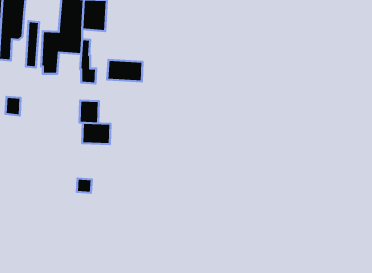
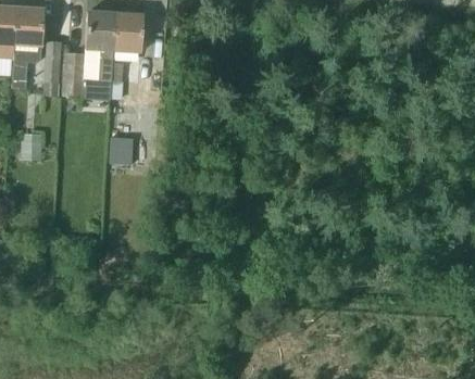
building: [107,60,142,81] -> none
building: [82,123,111,144] -> none

